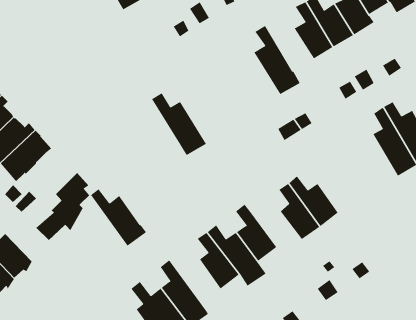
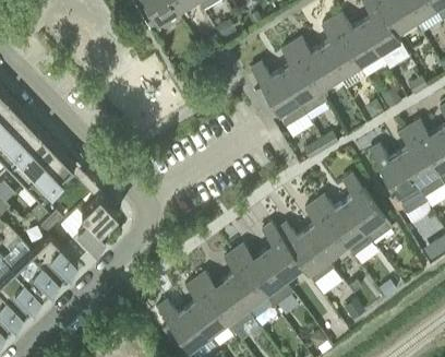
building: none -> [292,37,340,90]
building: [151,93,207,156] -> [251,62,306,126]
building: none -> [369,144,424,209]
building: none -> [344,174,393,240]
building: [90,189,147,246] -> [196,272,253,330]
building: none -> [277,223,342,294]
building: none -> [32,234,77,281]

